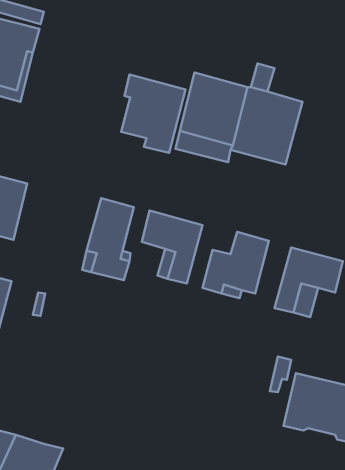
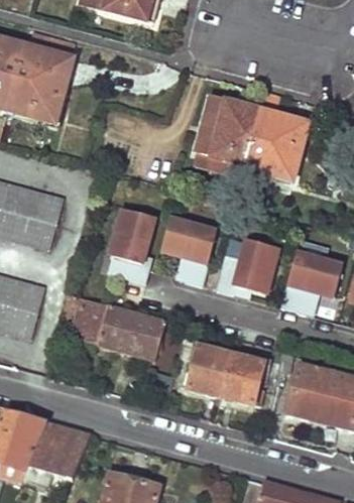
building: [121,75,186,153] -> none
building: none -> [71,296,166,360]
building: none -> [181,345,269,405]

